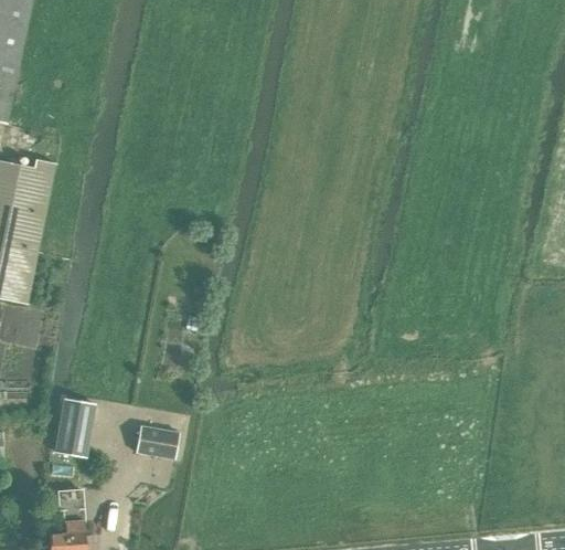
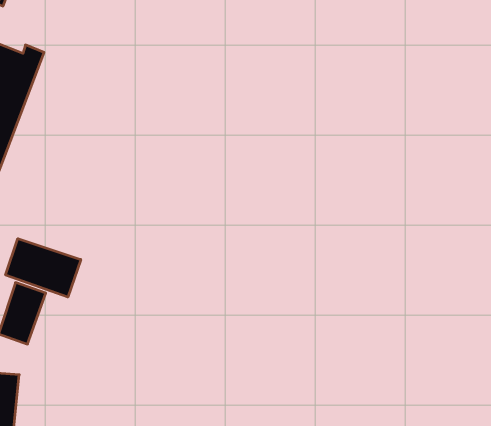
building: none -> [6,239,81,297]
building: [135,425,178,459] -> none

